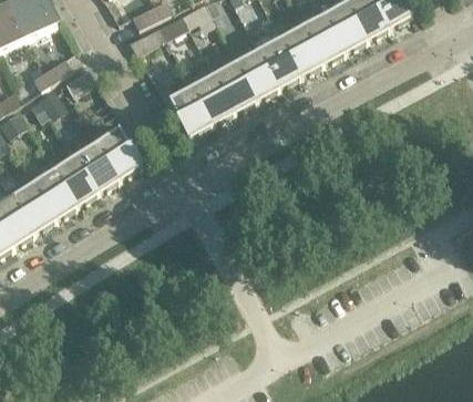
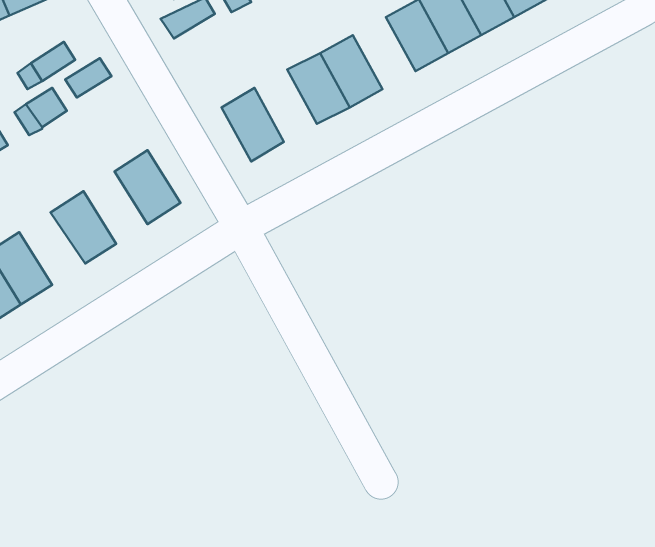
building: [258,38,300,86] -> none
building: [192,73,234,122] -> none
building: [76,142,120,190] -> none
building: [33,169,78,218] -> none

